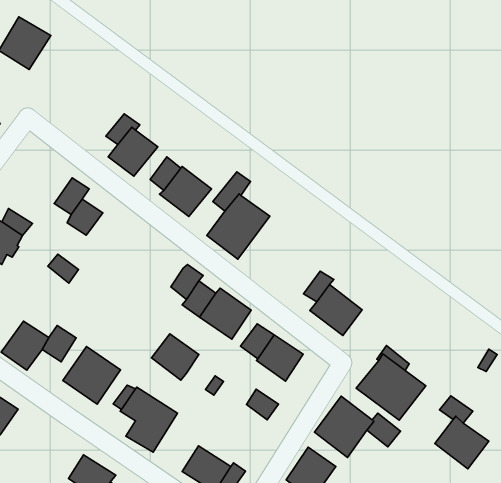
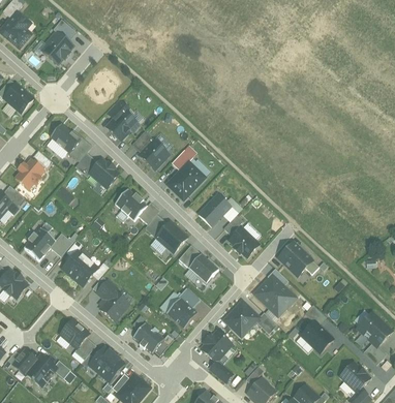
building: none -> [50,120,82,152]
building: none -> [88,157,120,189]
building: none -> [196,191,231,226]
building: none -> [276,238,314,276]
building: [152,334,199,380] -> [116,188,147,219]
building: none -> [164,297,196,329]

